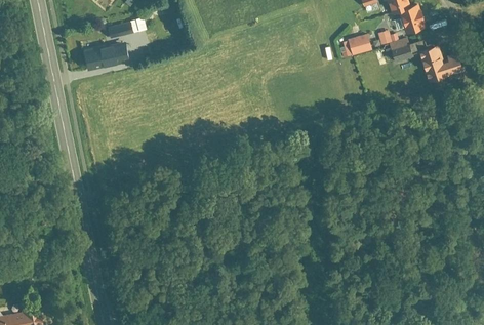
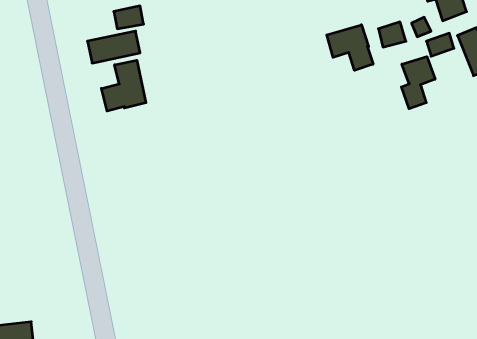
building: none -> [327,25,373,70]
building: none -> [401,57,435,109]
building: none -> [101,60,146,111]

